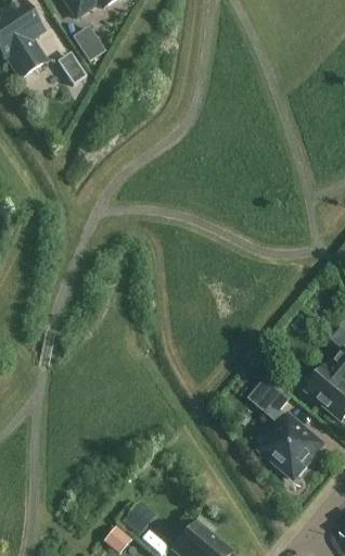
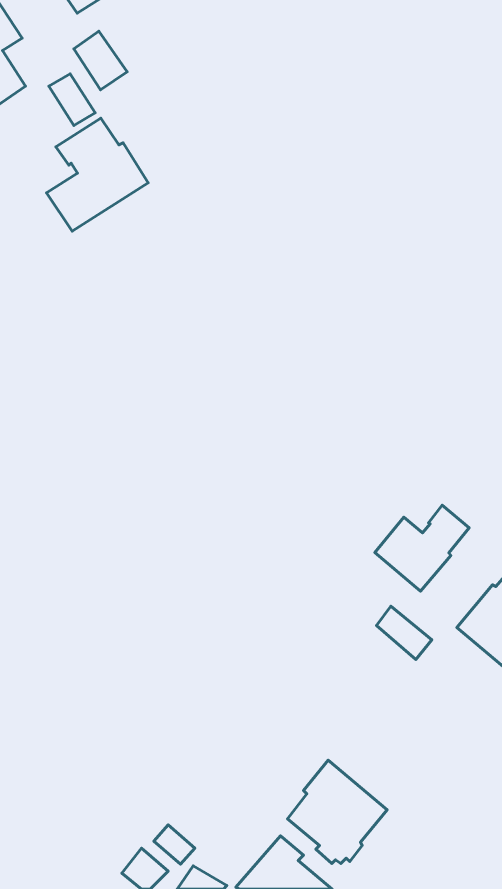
building: none -> [47,118,148,231]
building: none -> [375,505,469,591]
building: [260,412,321,475] -> [287,760,387,863]

